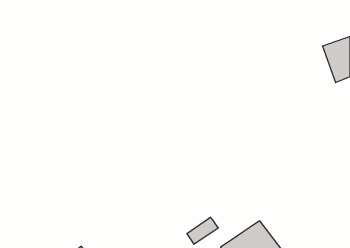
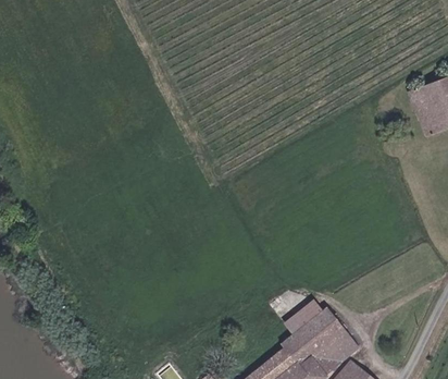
building: [187,217,218,244] -> [287,299,326,333]

